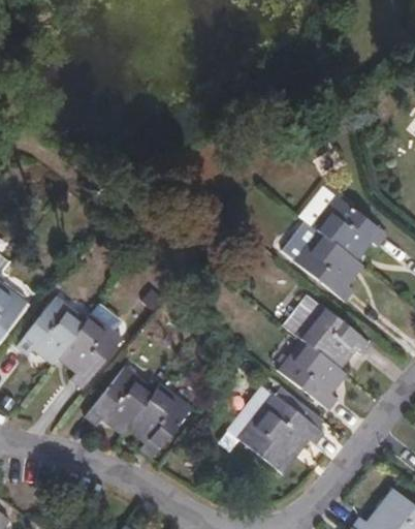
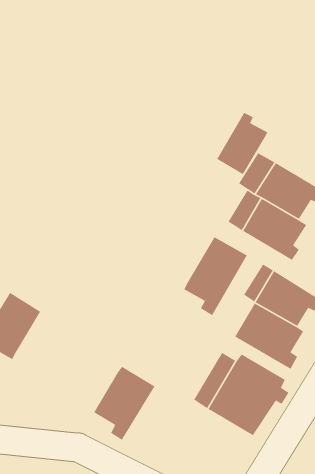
building: none -> [216,112,268,175]
building: none -> [183,236,248,316]
building: [55,313,123,391] -> none
building: [84,367,155,435] -> none

